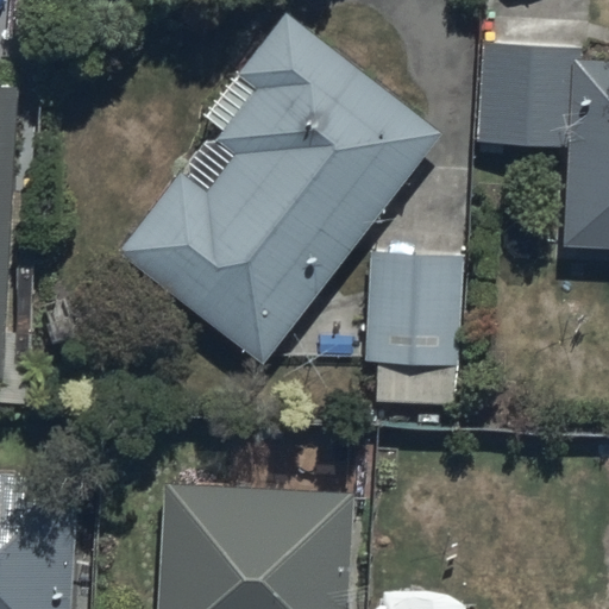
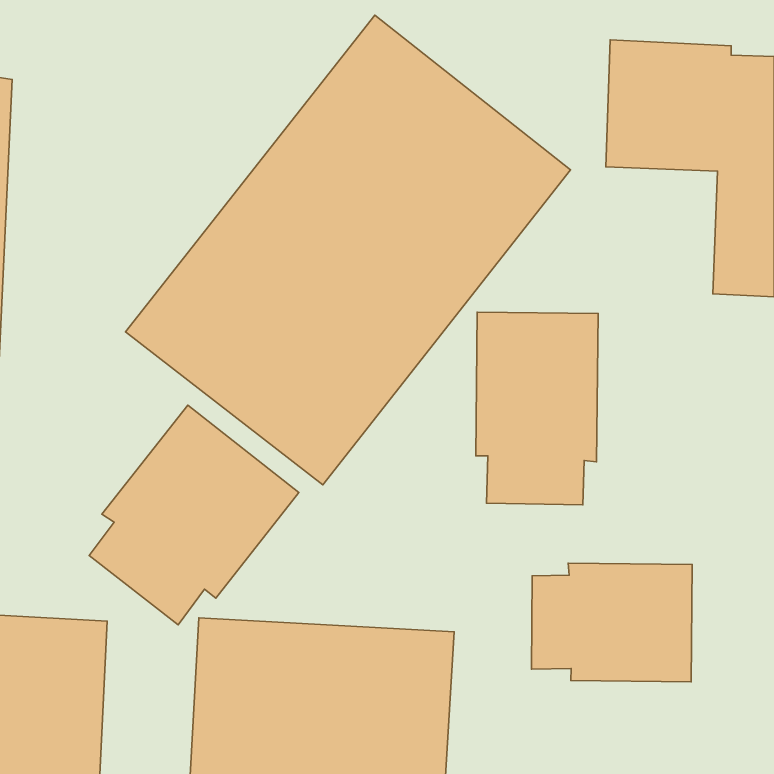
building: none -> [89,405,299,625]
building: none -> [532,563,692,682]

